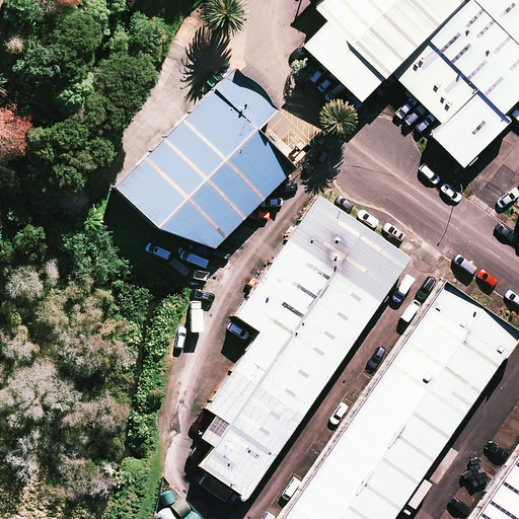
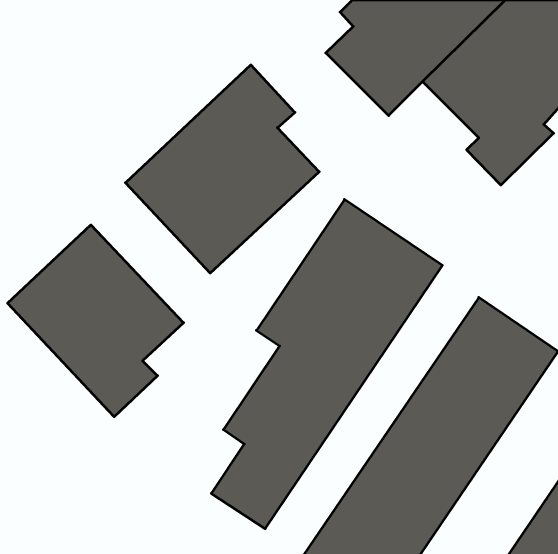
building: none -> [8,225,184,417]

